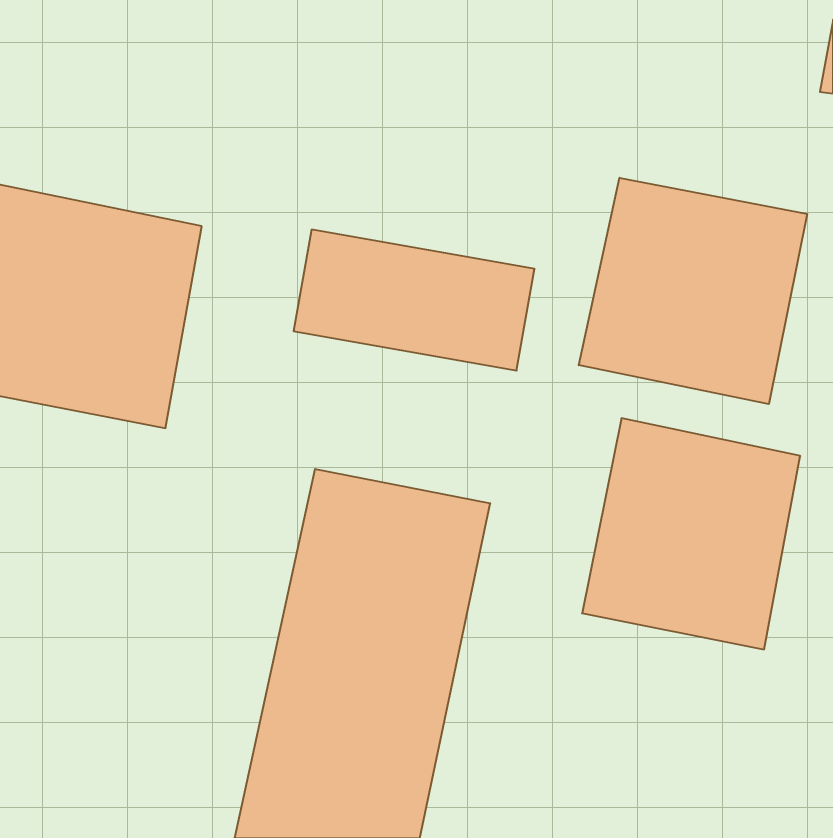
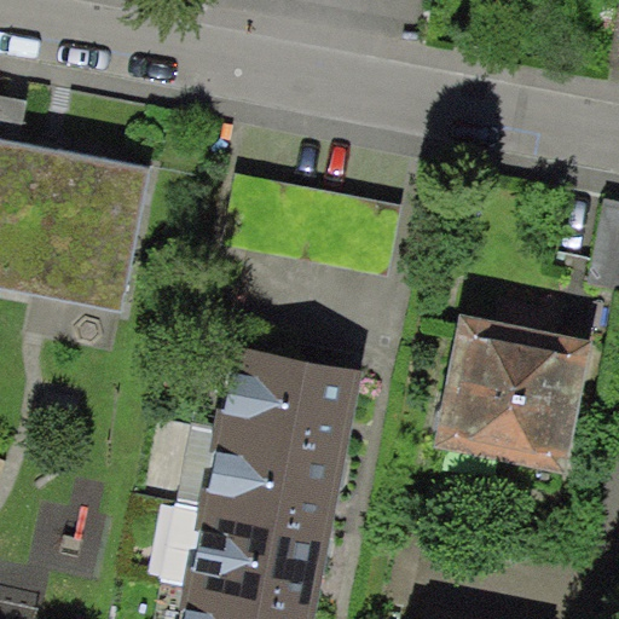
building: [579,178,807,404] -> none

